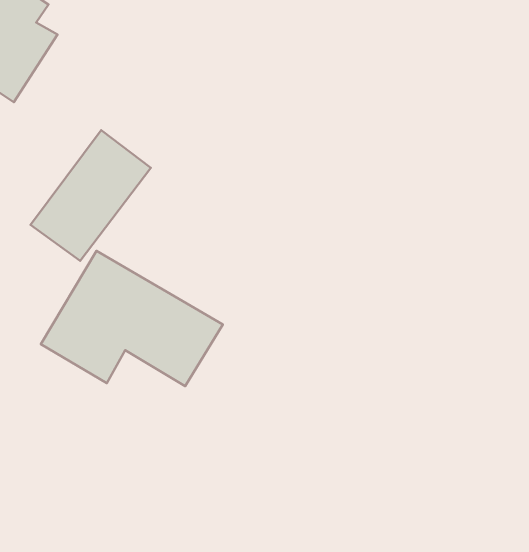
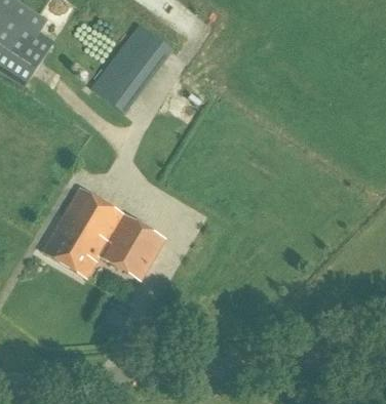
building: [31,130,151,261] -> [90,23,172,112]

